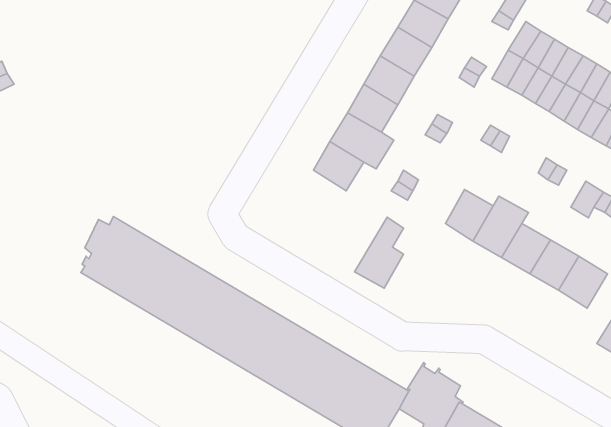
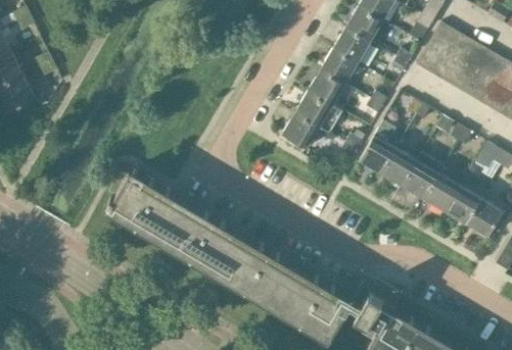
building: [354,217,403,288] -> [358,123,394,177]

